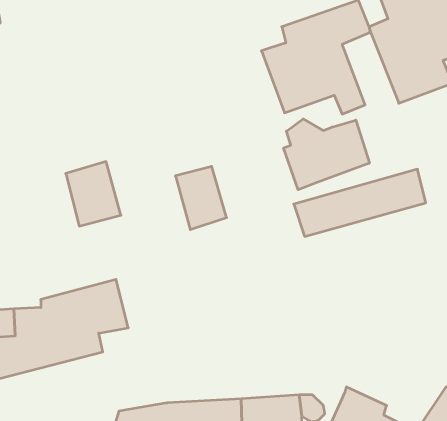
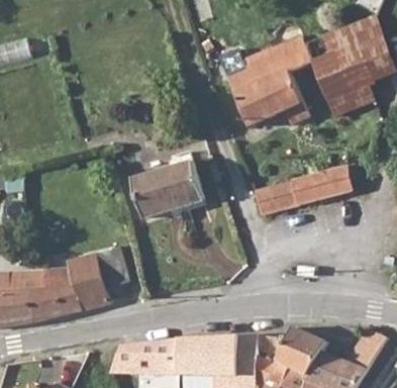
building: [284,119,369,190] -> none
building: [66,162,121,226] -> [134,170,176,218]

